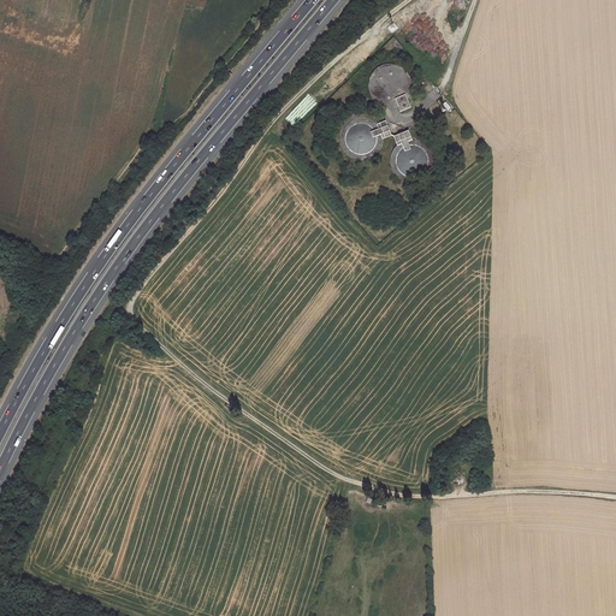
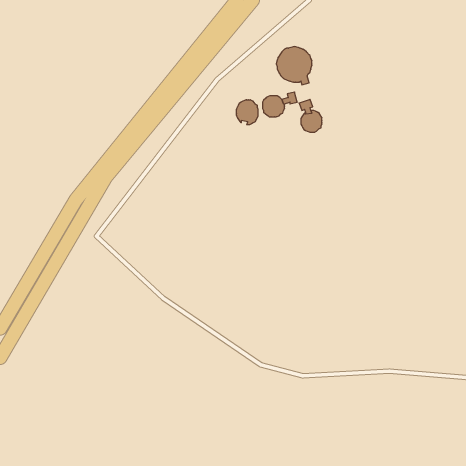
building: none -> [237,100,258,125]

